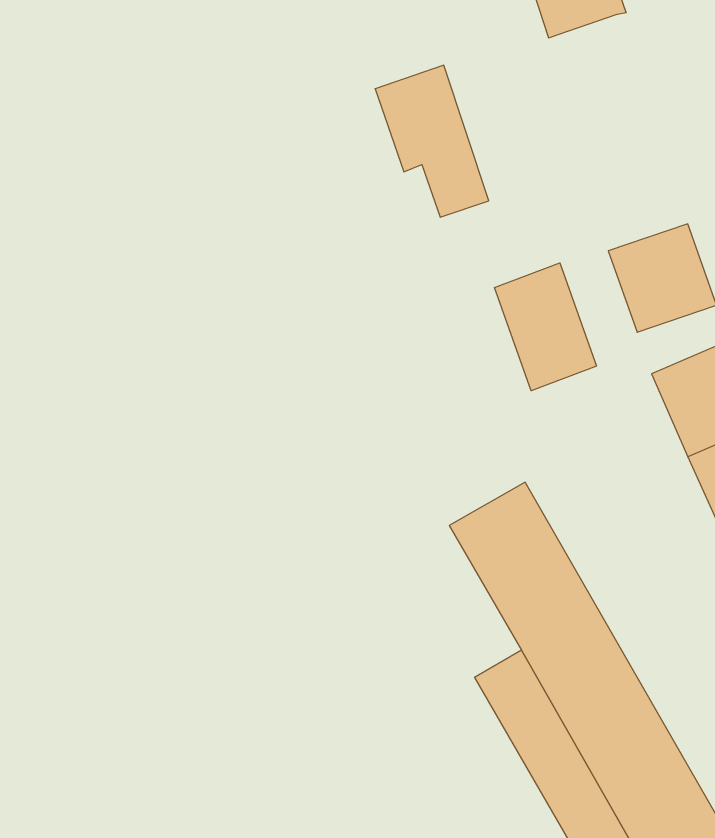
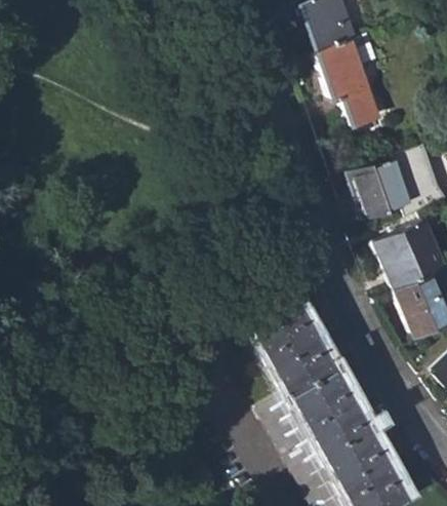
building: [375,65,489,217] -> [314,37,378,123]
building: [495,263,597,391] -> none

